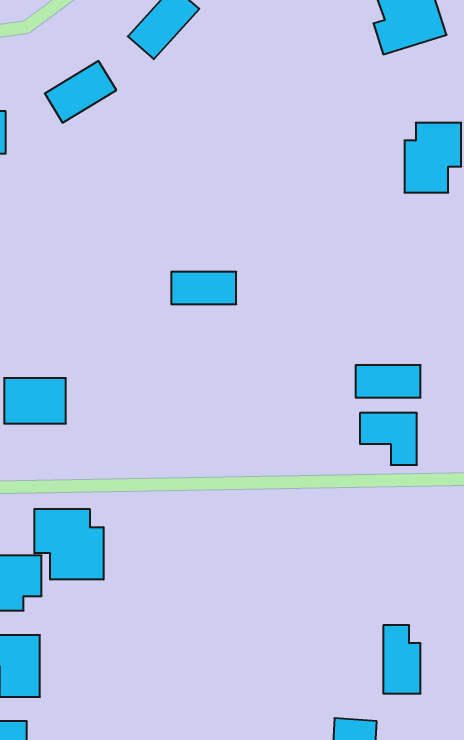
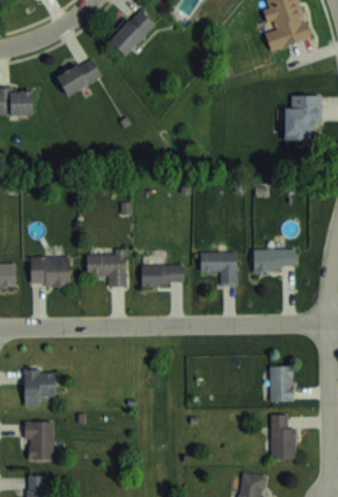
building: [171,272,236,304] -> [142,265,183,286]
building: none -> [87,250,126,288]
building: [360,413,417,465] -> [201,253,237,286]
building: [34,509,104,580] -> none
building: none -> [270,366,293,401]

